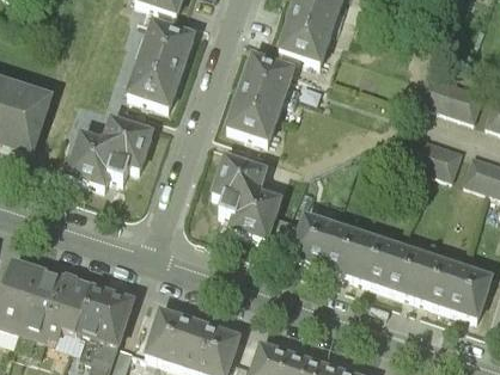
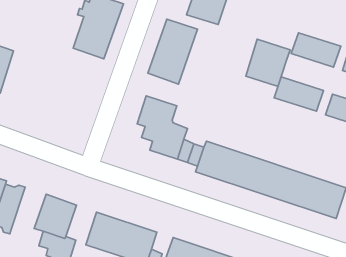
building: none -> [246,39,290,86]
building: [68,117,152,185] -> none
building: [45,272,92,337] -> none

